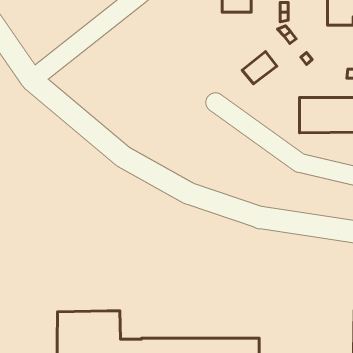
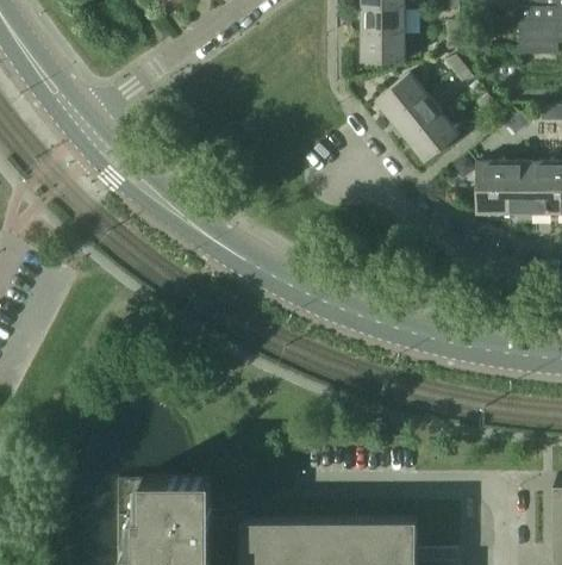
building: none -> [363,36,406,62]
building: none -> [376,74,427,122]
building: none -> [410,116,460,162]

